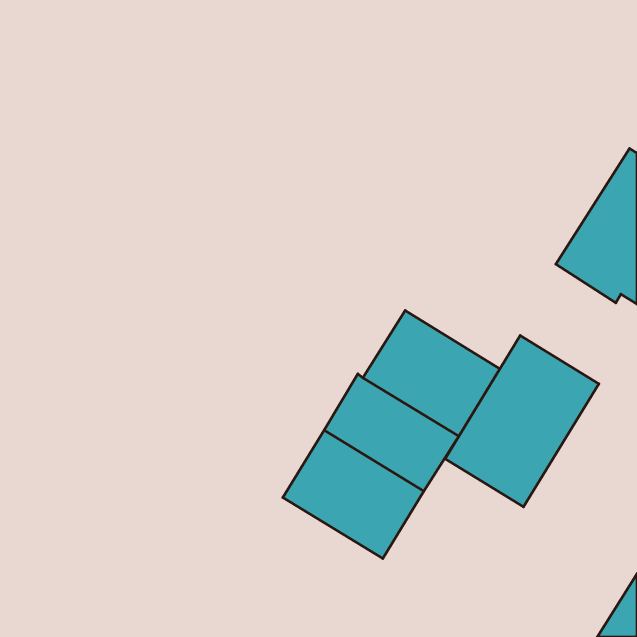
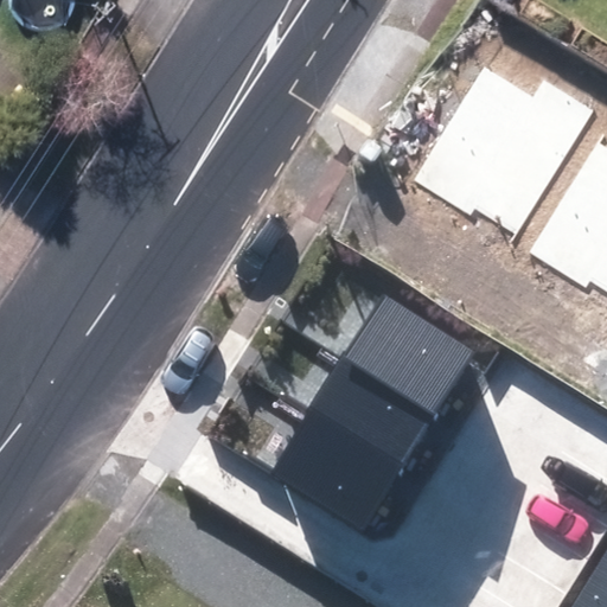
building: none -> [413,65,595,234]
building: [445,336,599,507] -> none

